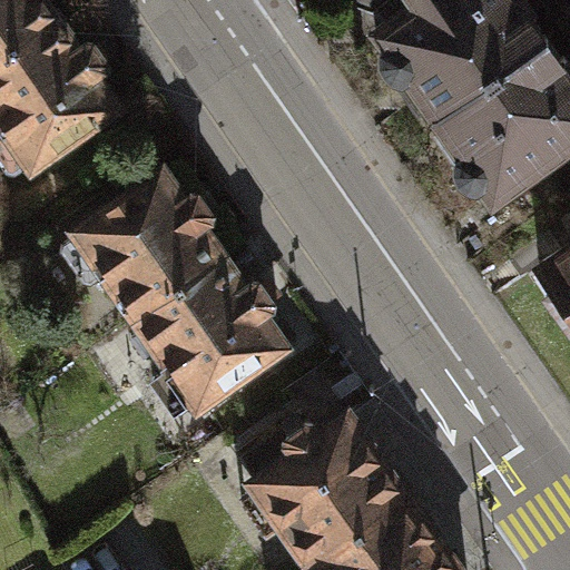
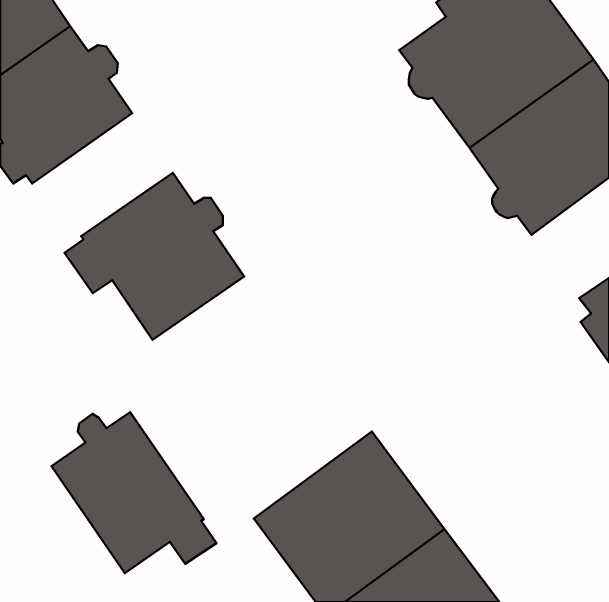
building: [142,258,289,414] -> none
building: none -> [51,412,216,573]

